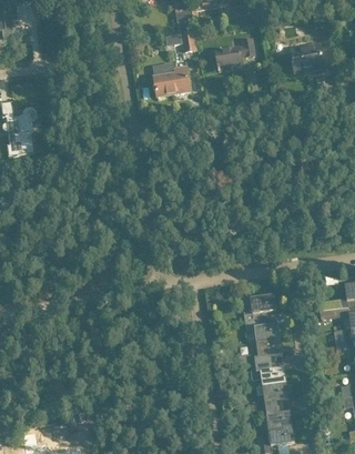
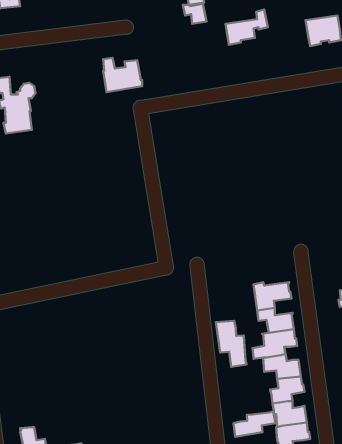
building: [154,63,191,95] -> [103,58,142,92]
building: none -> [216,321,246,367]
building: none -> [234,412,275,437]

